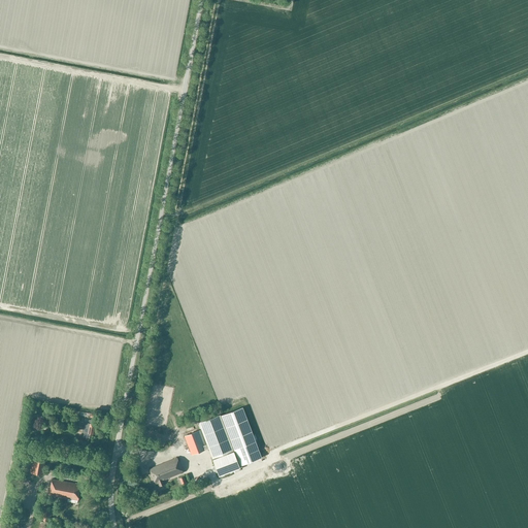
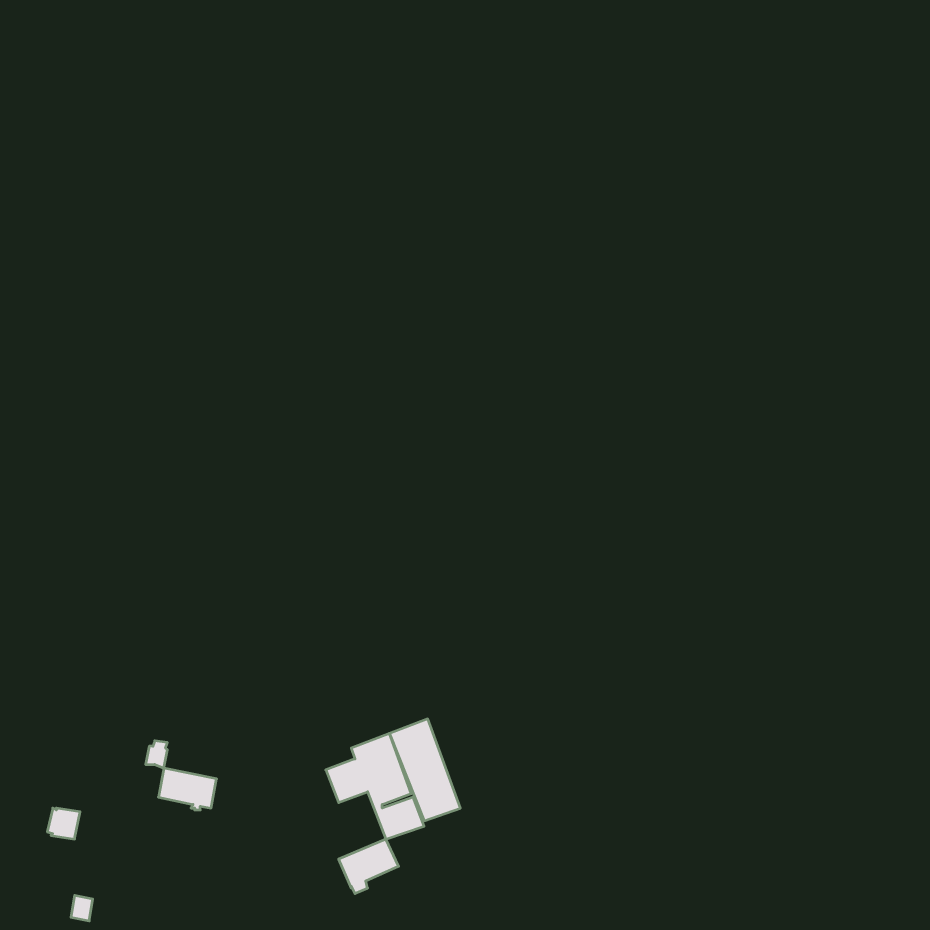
building: [150,457,184,488] -> [339,839,399,894]
building: [48,478,81,502] -> [158,768,217,810]

